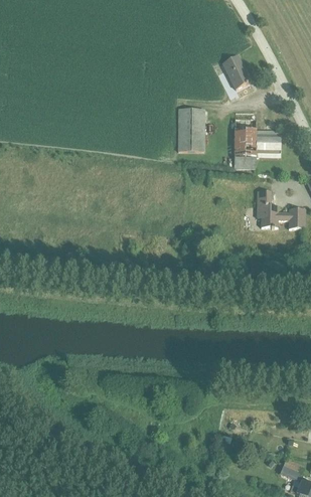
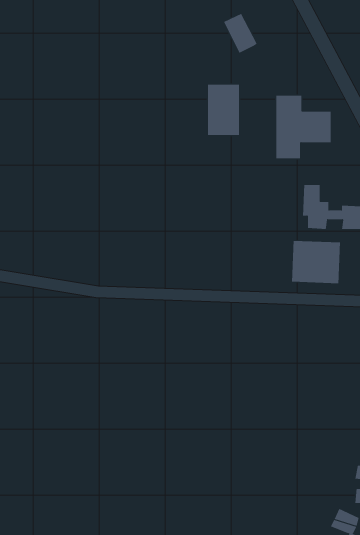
building: [221,56,250,90] -> [223,13,257,54]
building: none -> [291,240,341,284]

